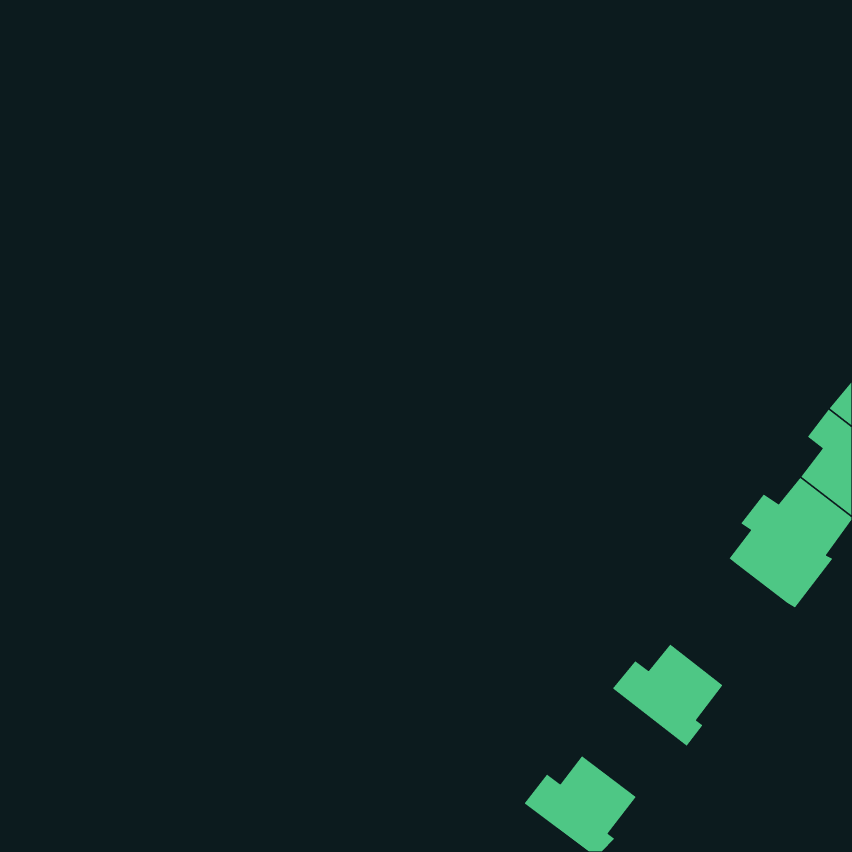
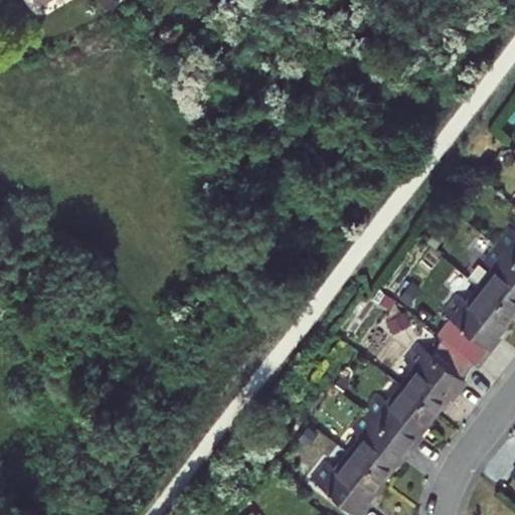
building: none -> [404,341,475,413]
building: none -> [351,415,414,481]

